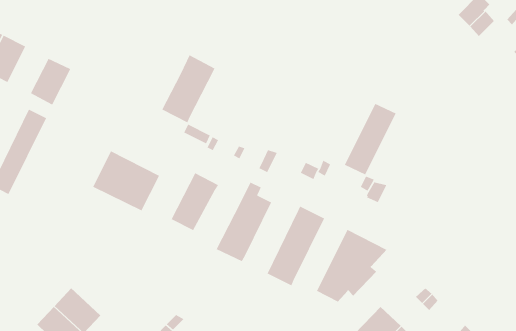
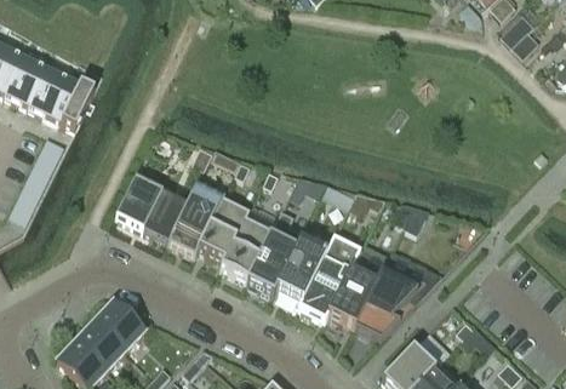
building: none -> [27,68,69,118]
building: [161,54,216,124] -> [167,183,224,256]
building: [344,103,397,176] -> [327,248,383,325]
building: none -> [219,219,270,281]
building: none -> [276,231,328,301]
building: none -> [93,302,144,350]

